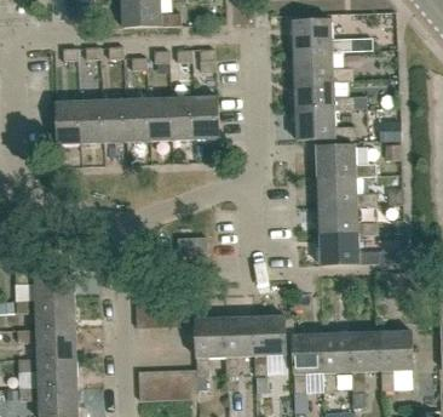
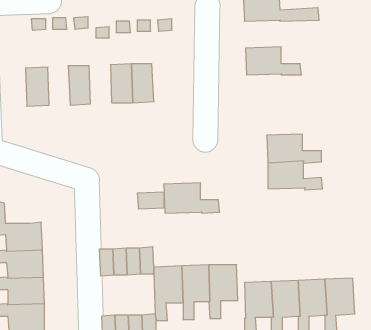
building: [293,50,353,81] -> none
building: [192,96,218,138] -> none
building: [125,98,149,141] -> none
building: [80,99,104,142] -> none
building: [295,108,355,139] -> none
building: [316,144,375,176] -> none
building: [318,232,379,264] -> [164,183,220,213]

